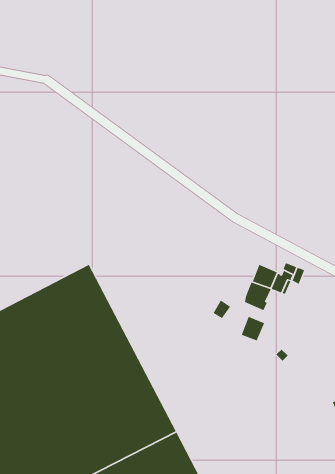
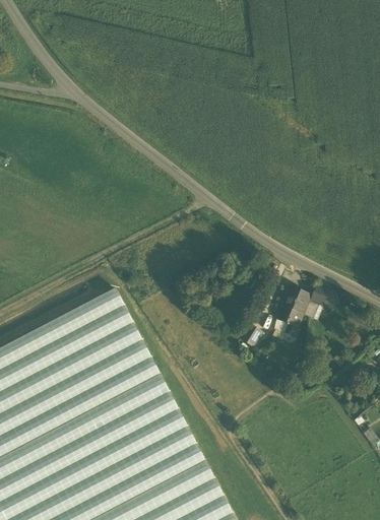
building: [241,316,265,341] -> none

